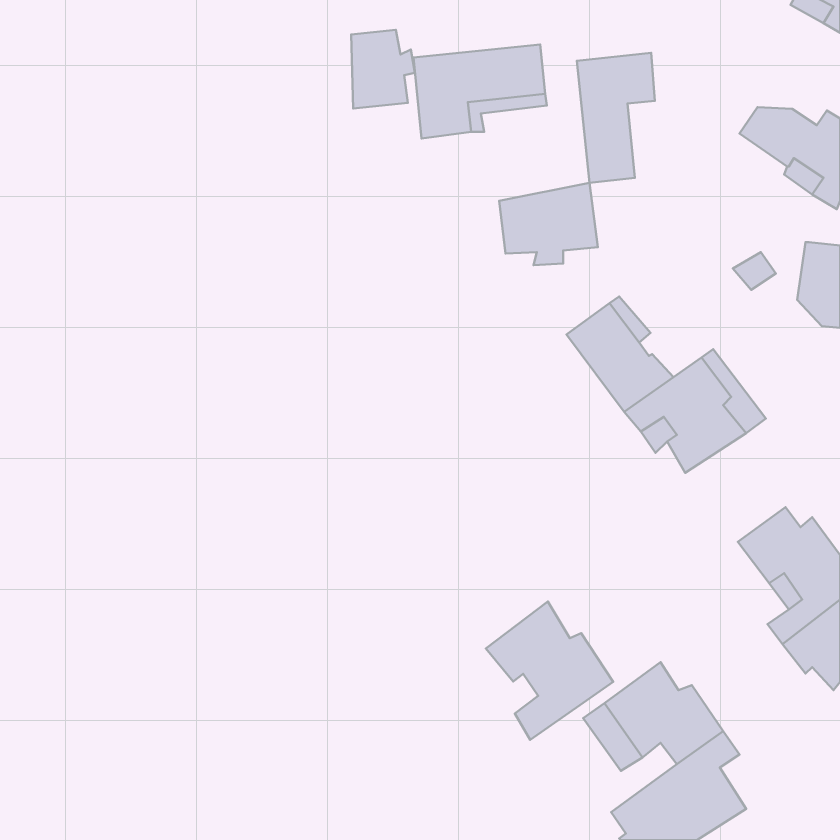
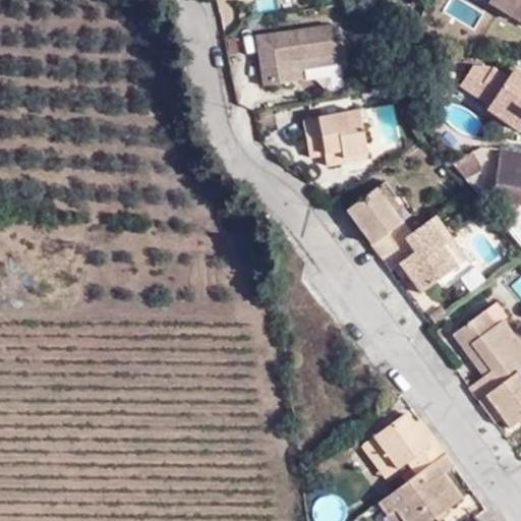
building: [351,30,415,108] -> none
building: [577,53,655,183] -> none
building: [486,601,613,740] -> none

